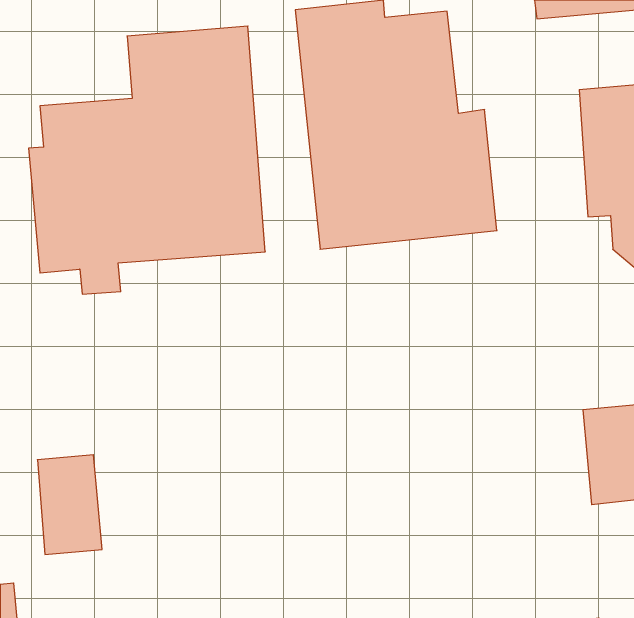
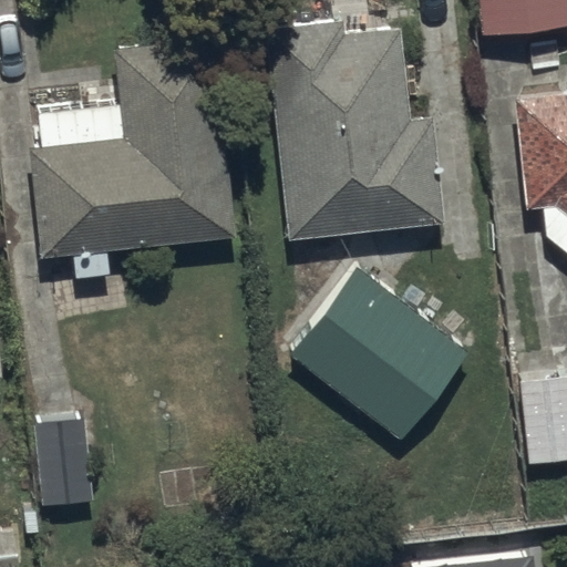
building: none -> [289,268,468,442]

